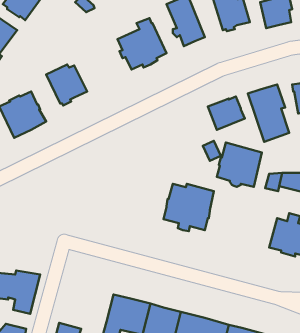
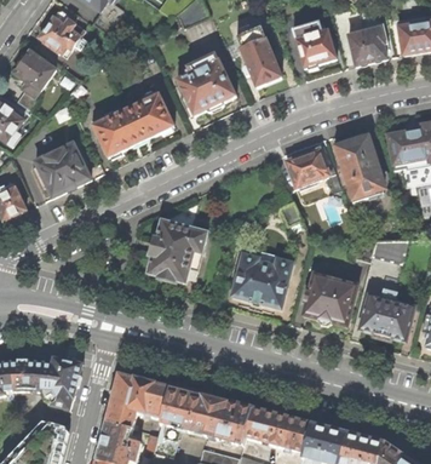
building: none -> [123,87,173,141]
building: [217,143,262,187] -> [301,271,356,325]
building: none -> [146,213,207,281]
building: none -> [105,371,171,426]

